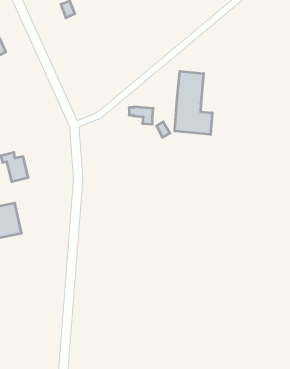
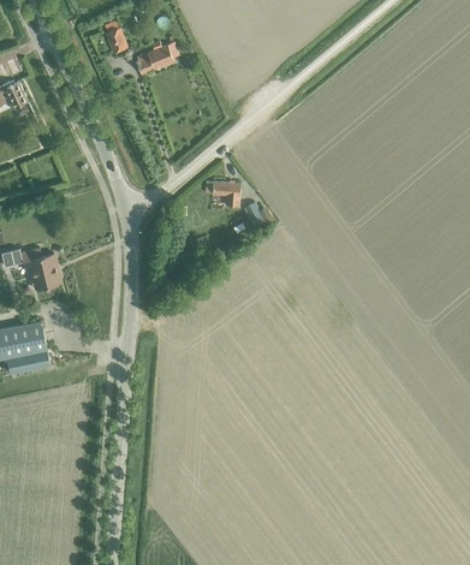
building: none -> [136,42,179,75]
building: [175,71,212,135] -> none

